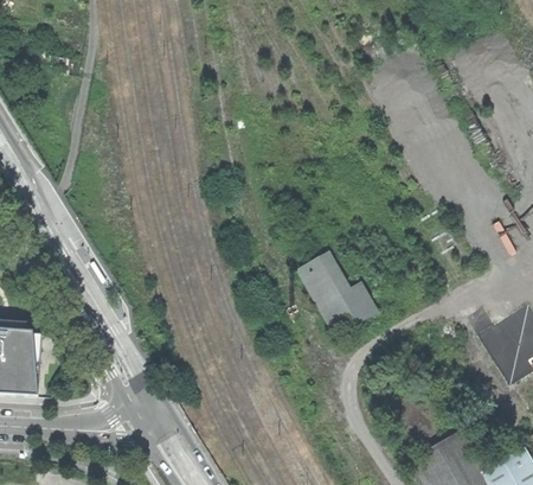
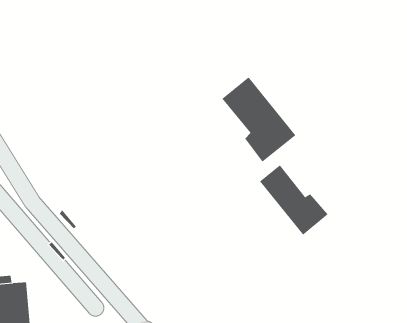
building: none -> [221,77,296,163]

